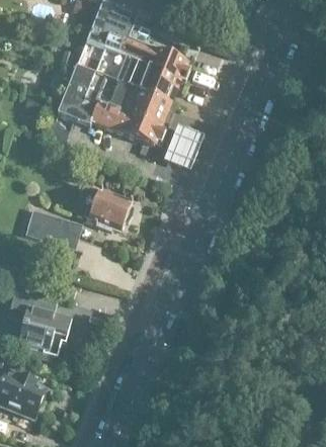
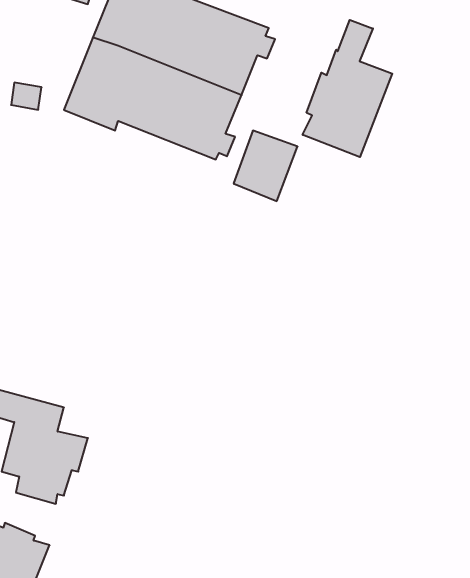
building: none -> [303,20,392,157]
building: [83,188,132,230] -> none
building: [23,207,82,248] -> none

